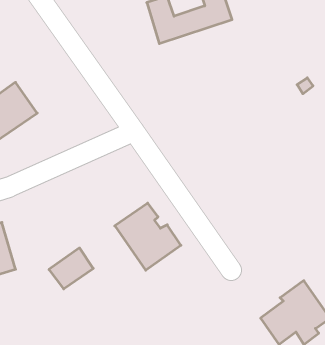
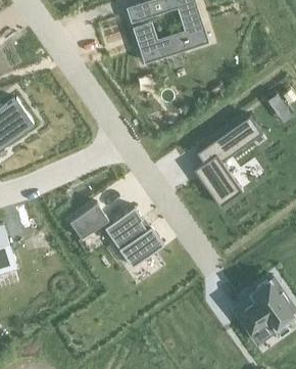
building: none -> [194,116,262,209]
building: [49,248,93,289] -> [68,201,108,238]

